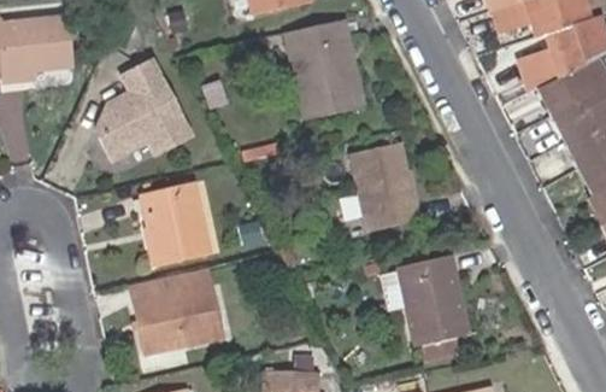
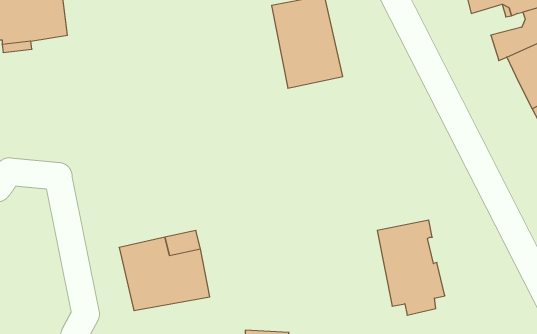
building: [90,59,190,169] -> none
building: [353,142,418,230] -> none
building: [141,182,211,265] -> none

